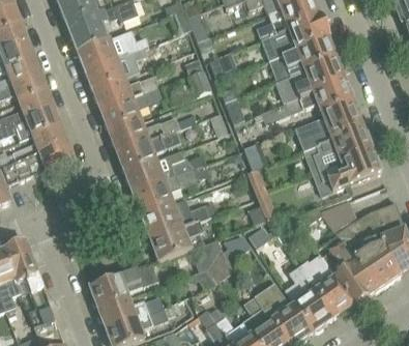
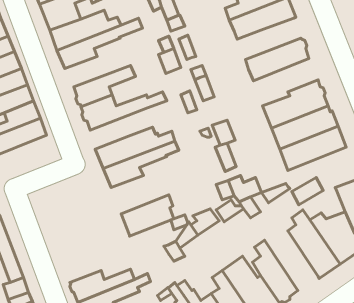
building: [269,38,335,81] -> none
building: [92,75,159,109] -> none
building: [261,80,352,124] -> none
building: [118,131,181,173] -> none
building: [140,199,211,239] -> none
building: [297,254,352,318] -> none
building: [89,264,155,310] -> none

